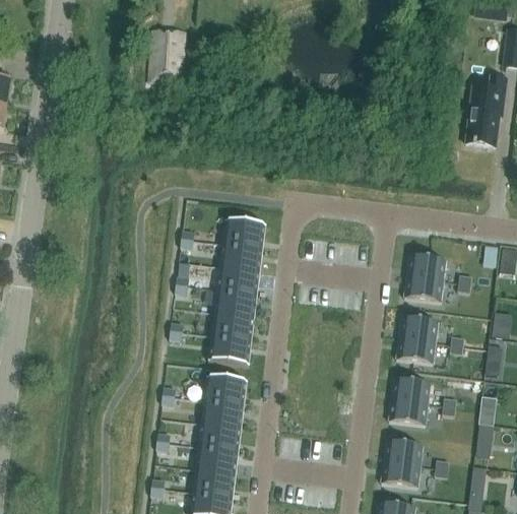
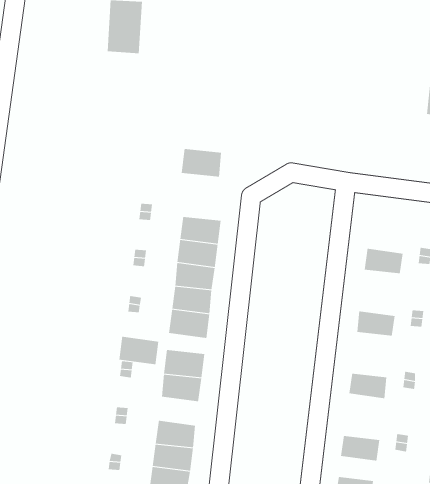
building: [224,218,265,247] -> [181,148,222,177]
building: [407,254,446,279] -> none
building: [399,316,439,341] -> none
building: [392,377,431,402] -> none
building: [200,422,241,450] -> [118,336,159,365]
building: [384,439,423,464] -> none

